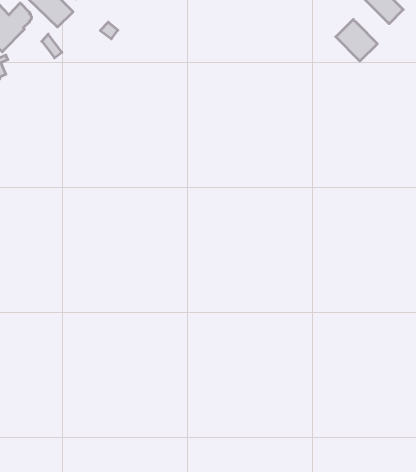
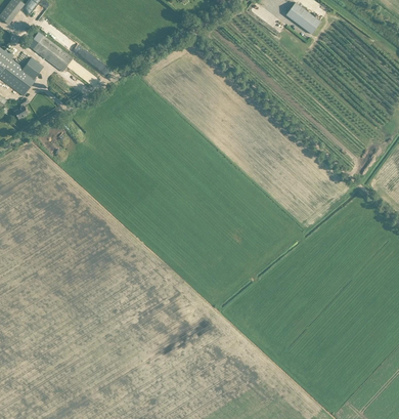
building: [336,19,377,61] -> none

